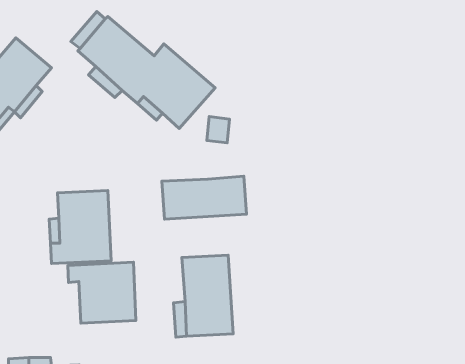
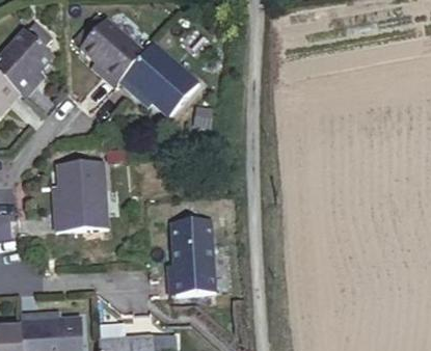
building: [162,176,246,219] -> none
building: [68,262,136,323] -> none

